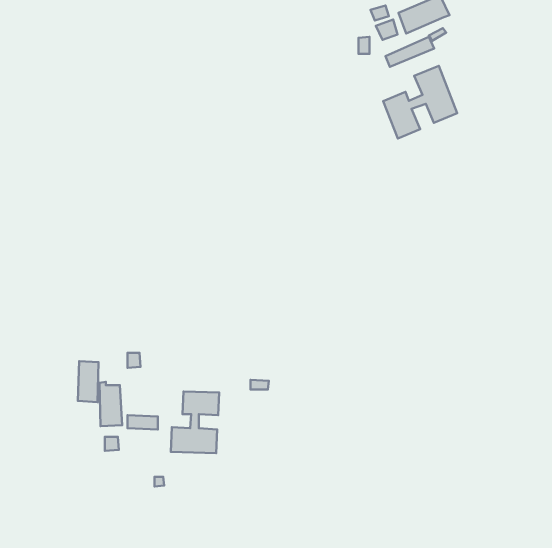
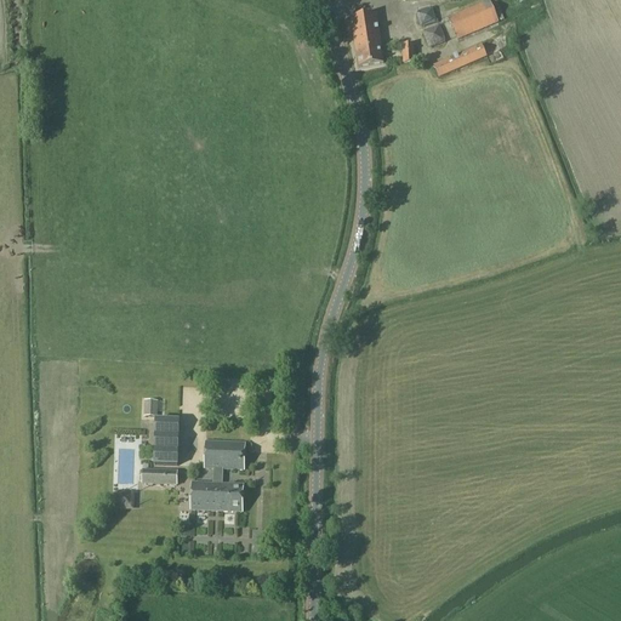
building: none -> [351,12,383,64]
building: [383,66,457,138] -> none
building: [78,361,99,402] -> [155,416,178,462]

